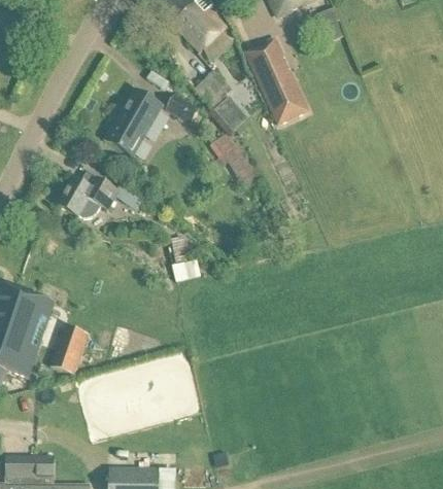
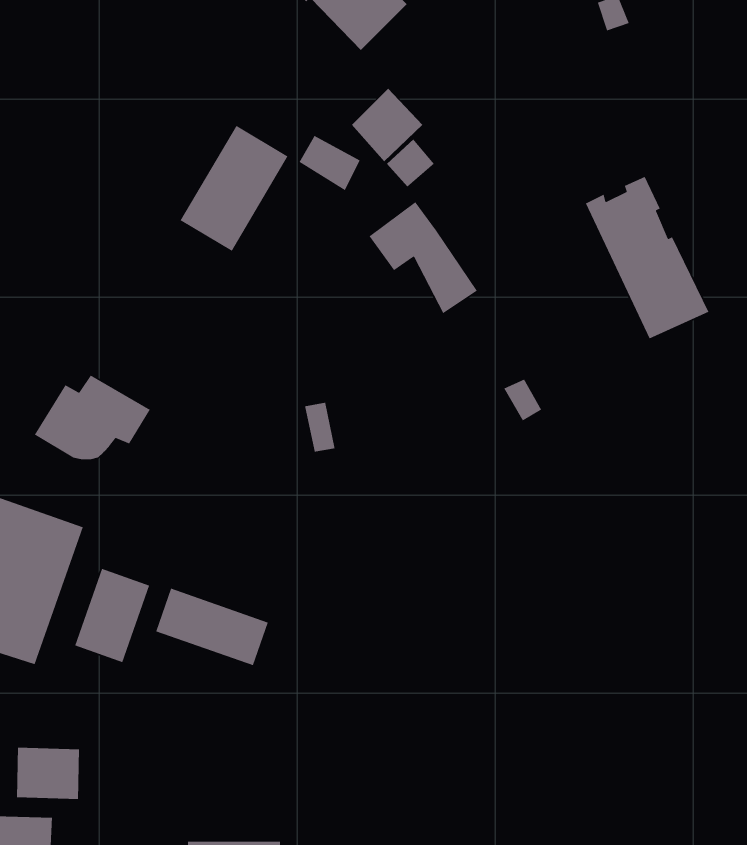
building: [244,38,310,125] -> [585,176,710,340]
building: [58,174,120,219] -> [34,374,151,460]
building: none -> [155,588,269,666]
building: none -> [16,747,80,800]

